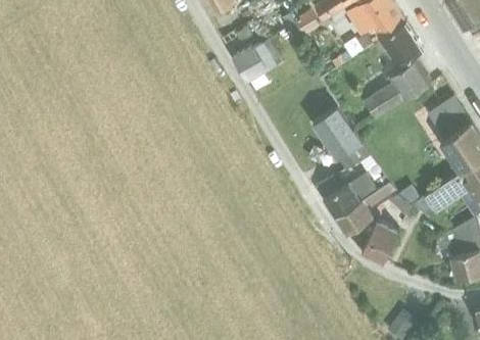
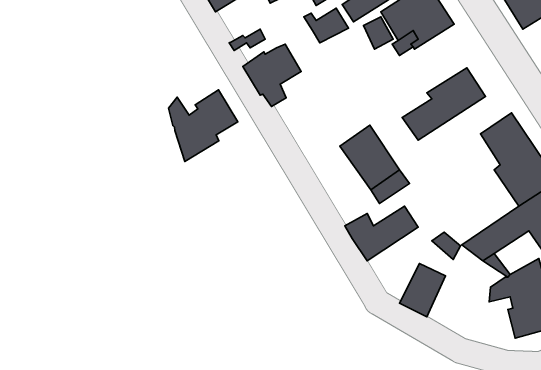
building: [374,23,424,67] -> none
building: none -> [169,90,238,162]
building: [335,182,396,235] -> none

